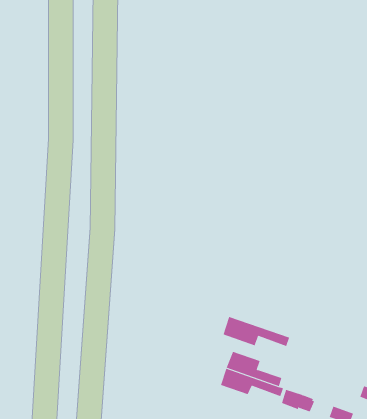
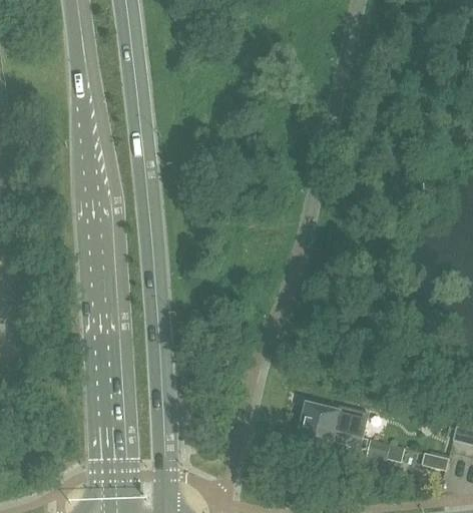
building: [223,316,290,347] -> none

